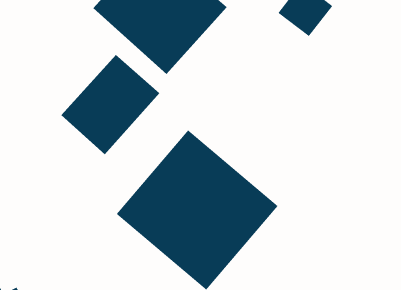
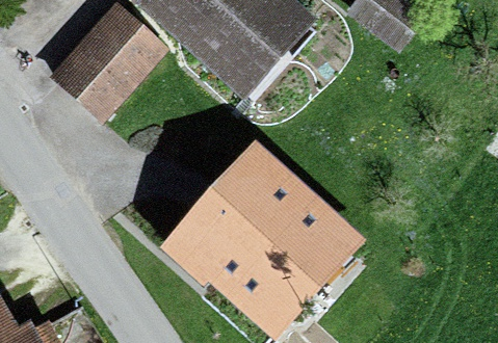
building: [60,54,160,155] -> [51,11,163,125]

